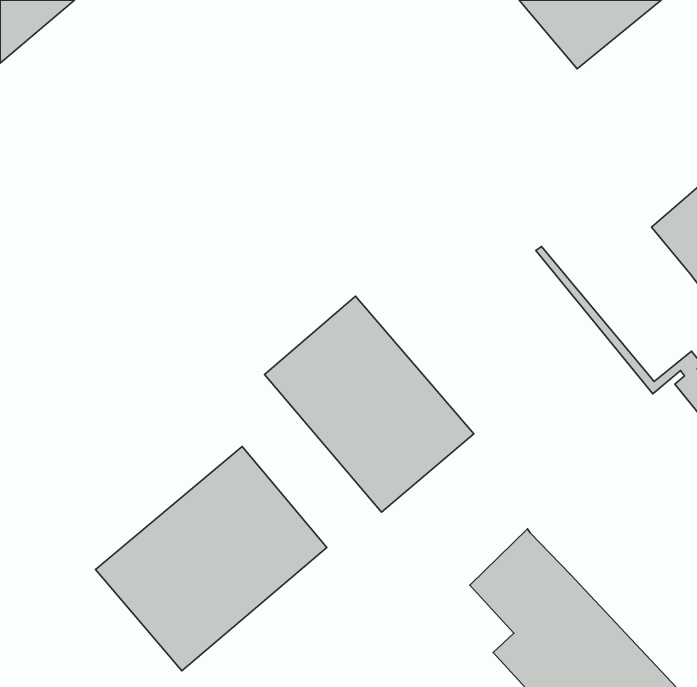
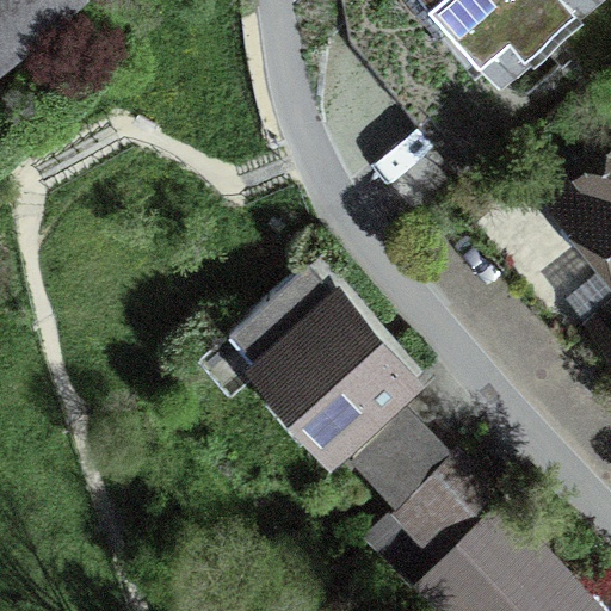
building: [96,446,327,671] -> none
building: none -> [358,416,455,512]

